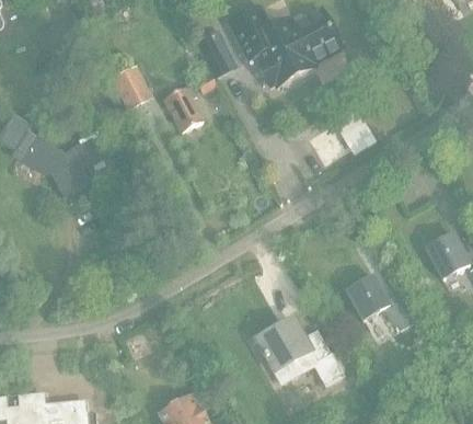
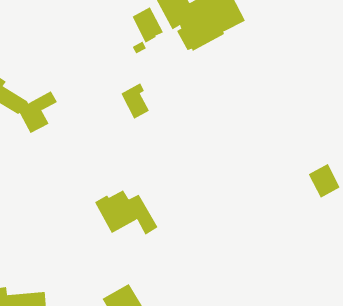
building: [113,65,151,105] -> none
building: [164,83,203,131] -> [121,82,150,119]
building: [346,276,414,331] -> none
building: [257,322,342,382] -> [94,190,159,236]

